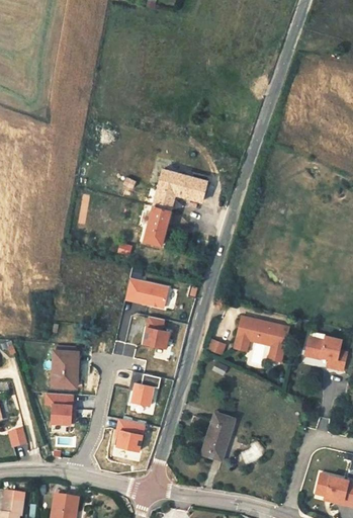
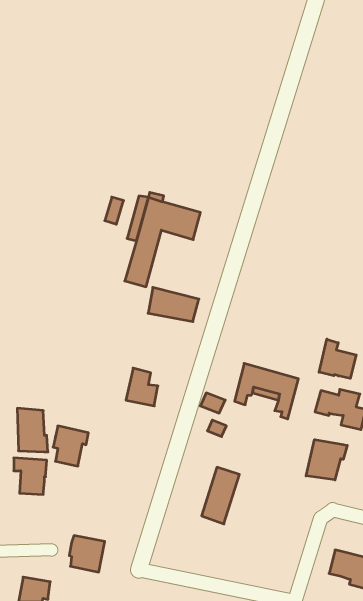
building: [126,278,170,308] -> [148,287,199,322]
building: none -> [319,339,356,378]
building: [130,372,161,407] -> [53,426,88,466]
building: none -> [306,440,347,480]
building: [115,420,146,451] -> [69,536,105,572]

